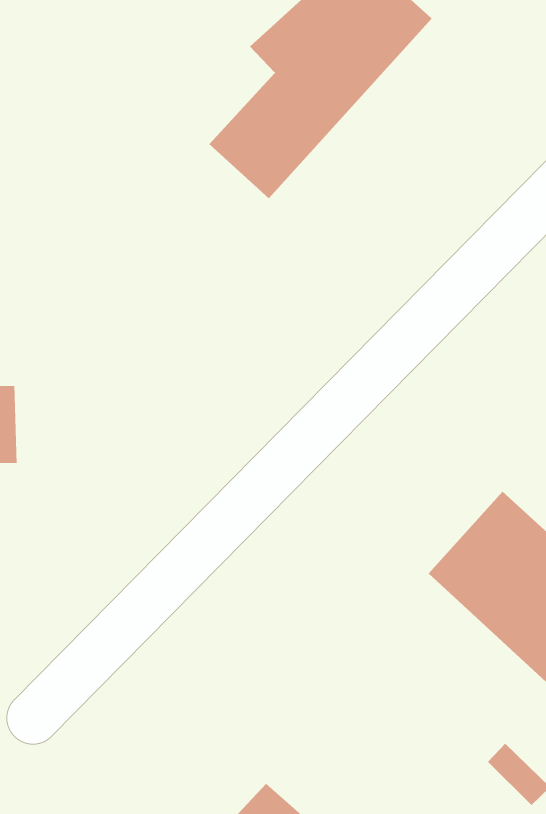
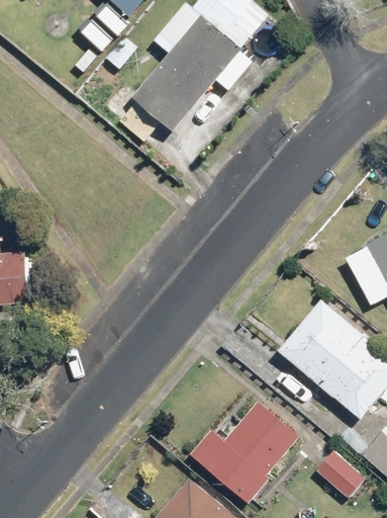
building: none -> [210,407,293,493]

